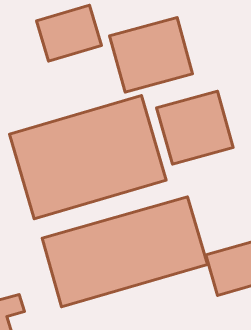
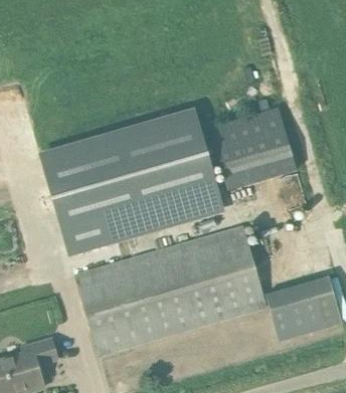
building: [36,5,102,61] -> none
building: [110,18,193,92] -> none

